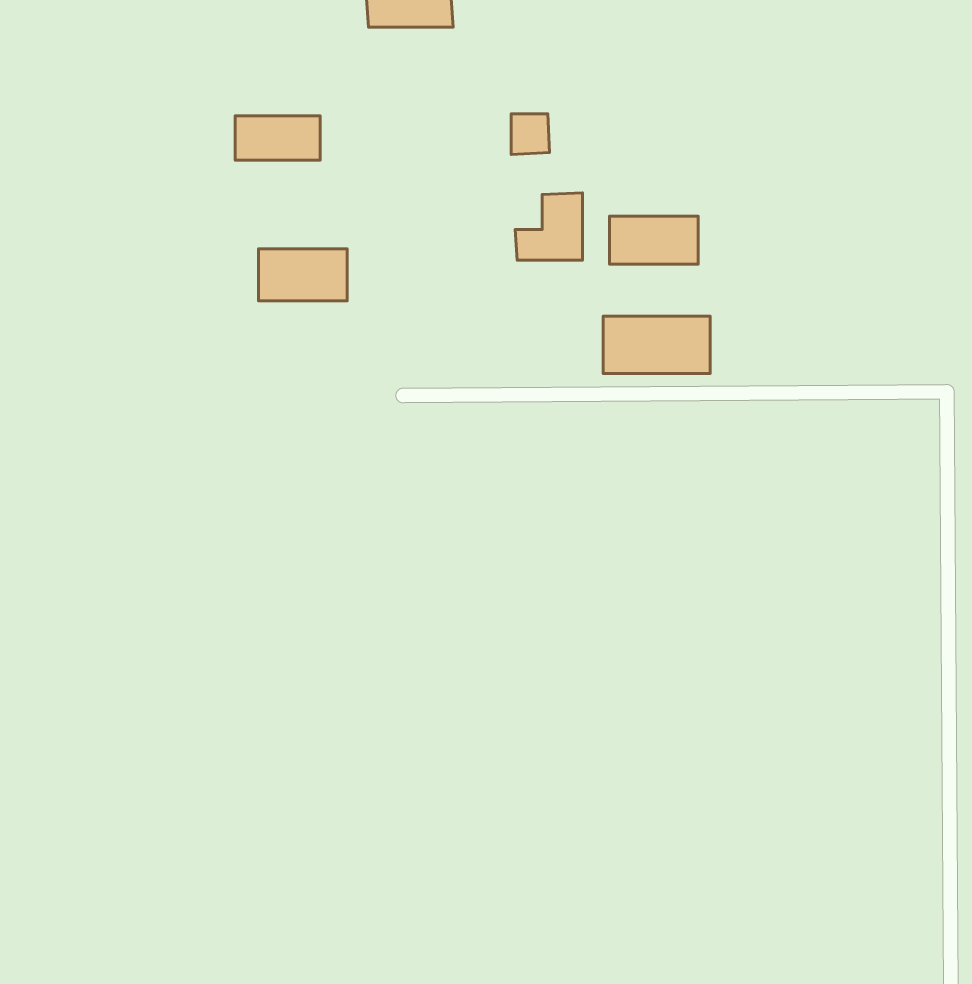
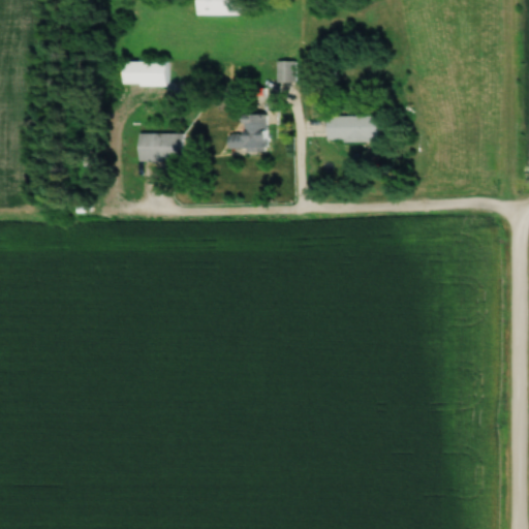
building: [515,193,583,260] -> [227,114,263,150]
building: [603,316,710,373] -> none

